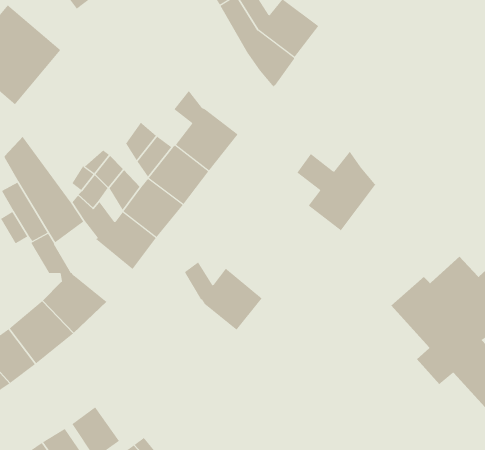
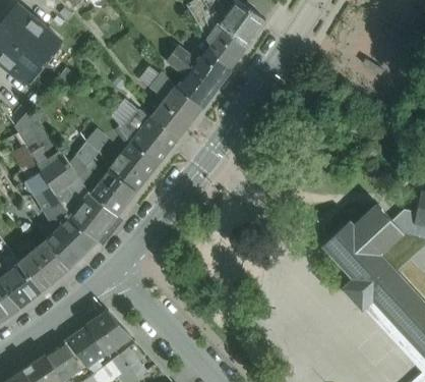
building: [296,151,377,231] -> [167,45,231,109]
building: [185,262,262,331] -> [56,187,118,242]
building: none -> [88,312,131,353]

